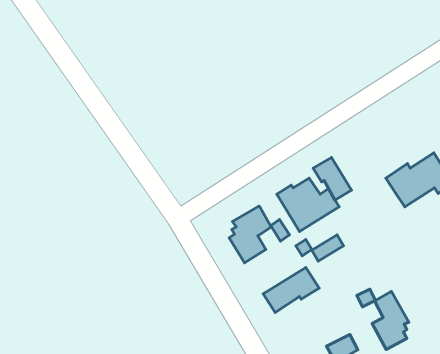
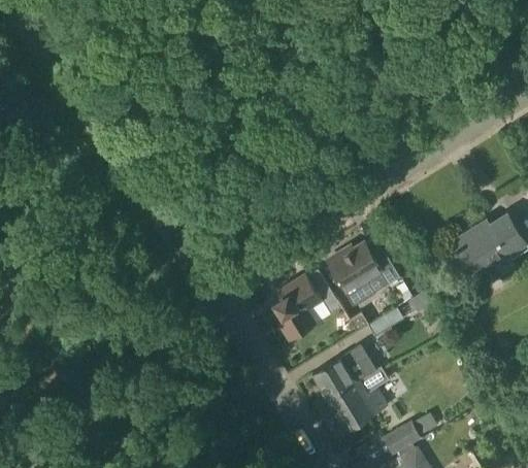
building: [313,157,351,200] -> none
building: [357,289,409,350] -> none
building: none -> [325,377,387,431]

